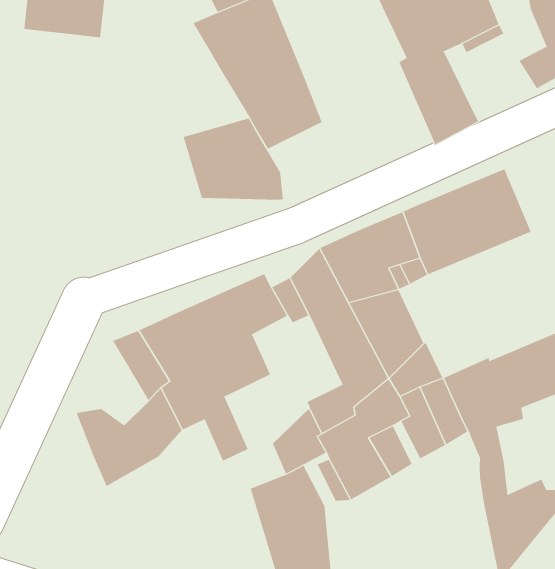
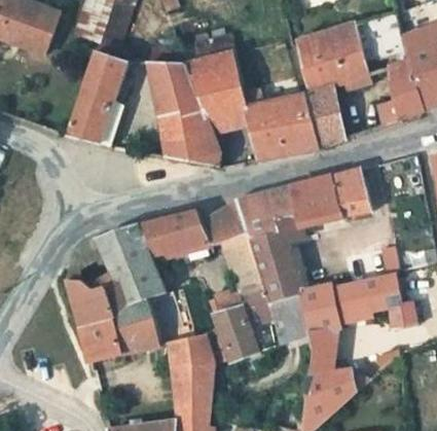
building: none -> [150,62,205,117]
building: none -> [64,51,138,145]
building: none -> [244,89,318,159]
building: none -> [78,296,158,364]

